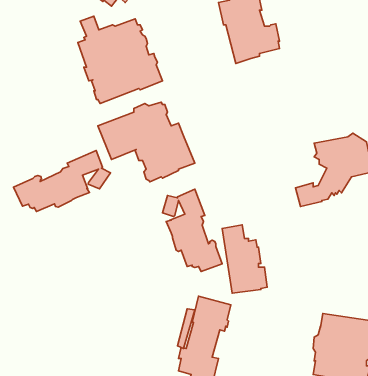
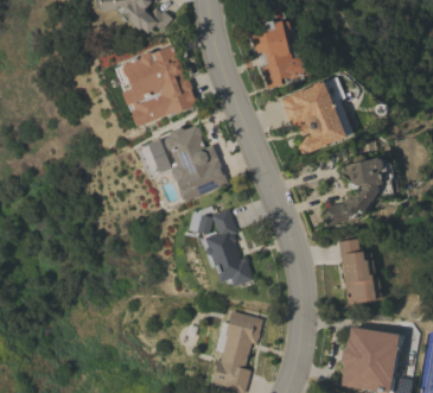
building: none -> [281,76,352,153]
building: [14,150,111,212] -> none
building: [222,225,267,293] -> [338,237,381,303]

